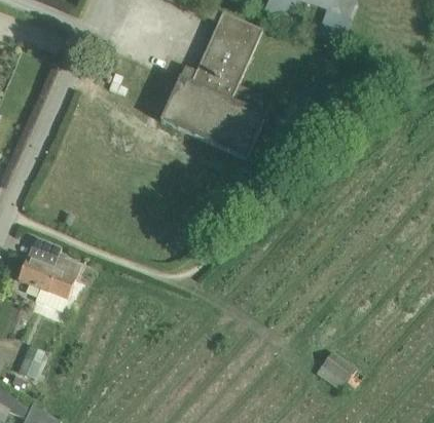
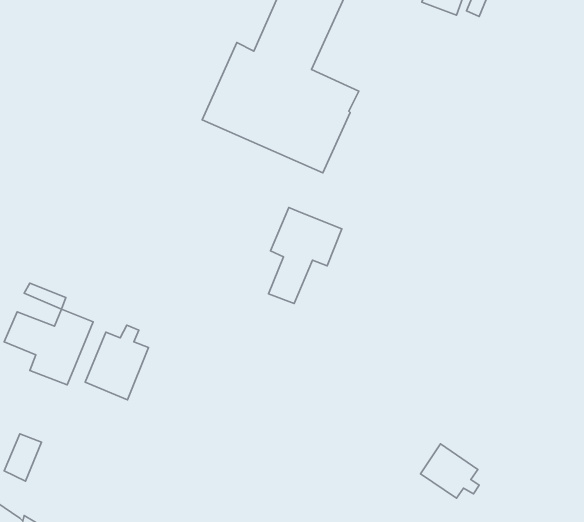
building: none -> [269,208,342,304]
building: none -> [85,325,148,400]

